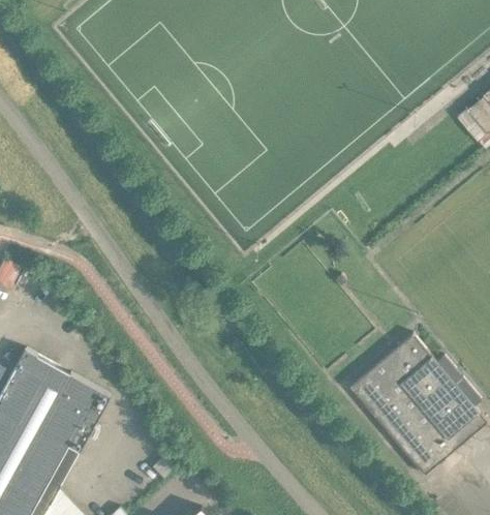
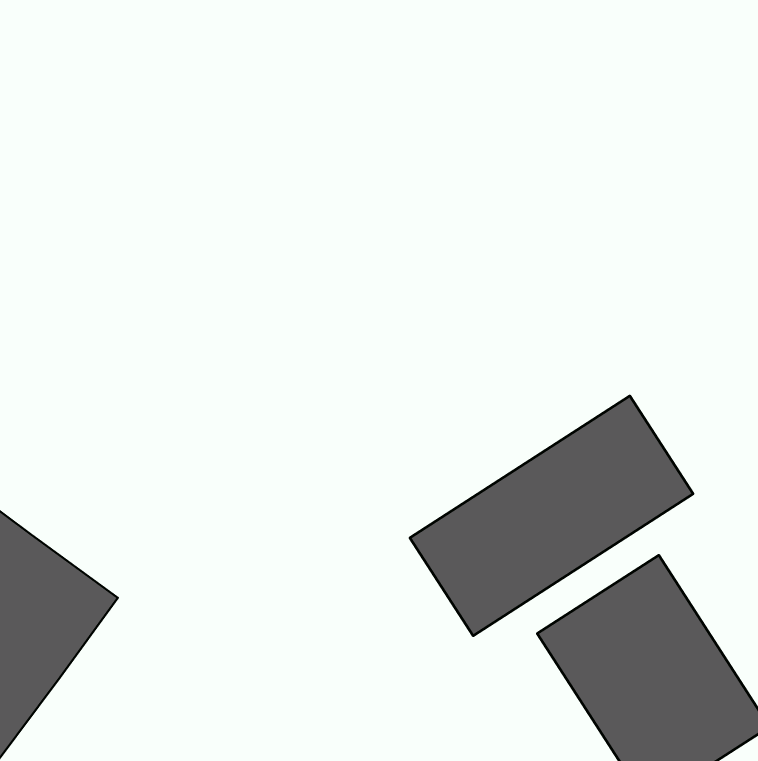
building: none -> [410,396,693,636]

